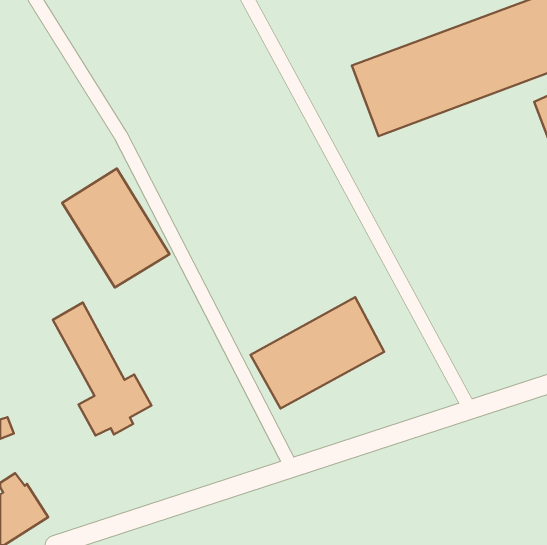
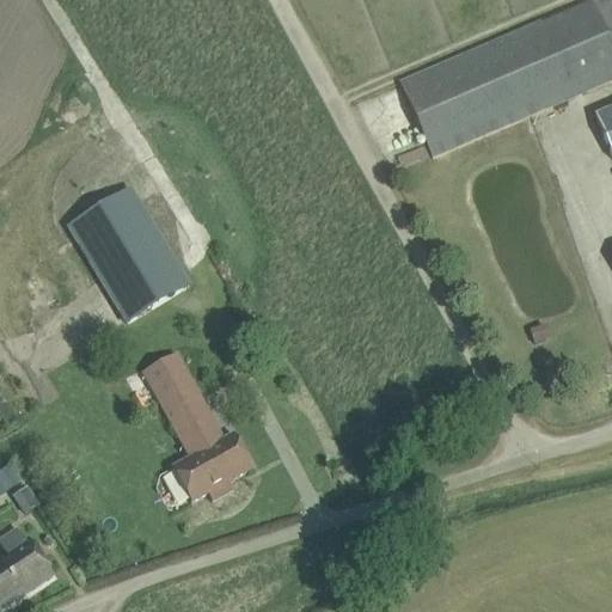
building: [251,297,384,409] -> none
building: [53,303,151,436] -> [145,354,255,502]

